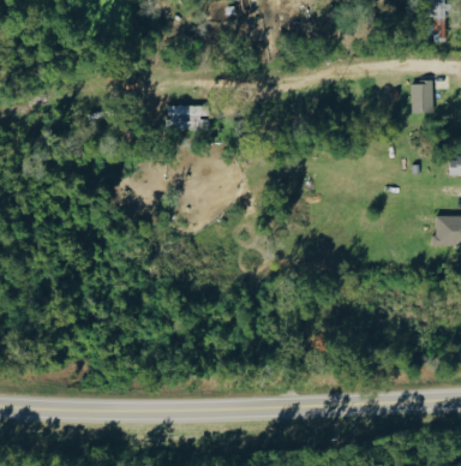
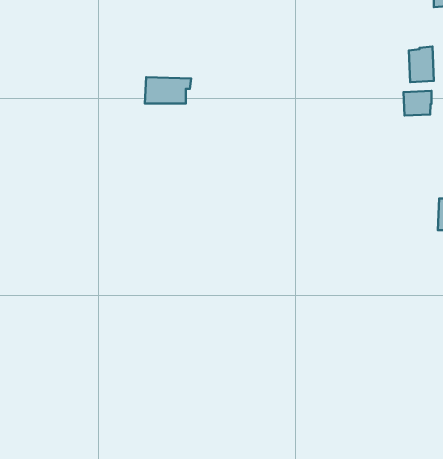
building: none -> [404,91,432,115]

